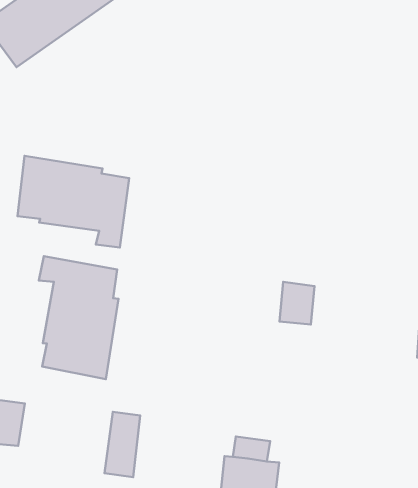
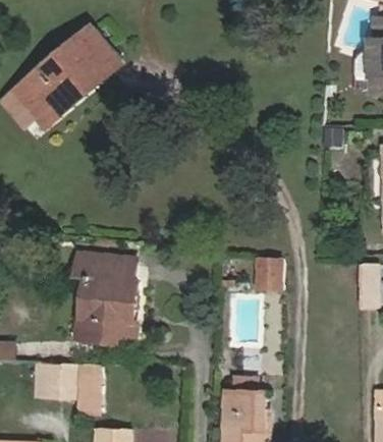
building: [17,156,129,247] -> none
building: [104,412,140,477] -> [77,366,100,412]

